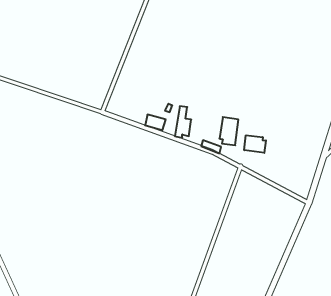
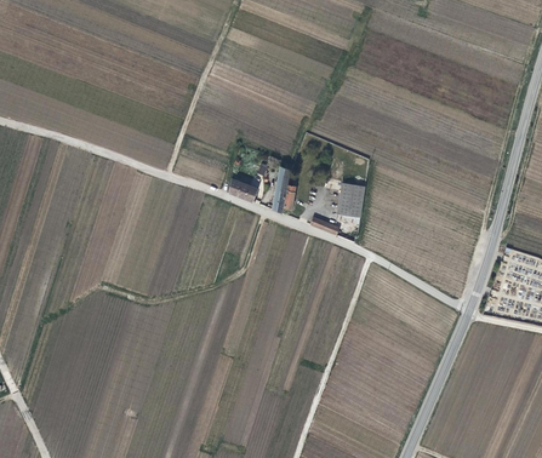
building: [244,135,266,153] -> none

